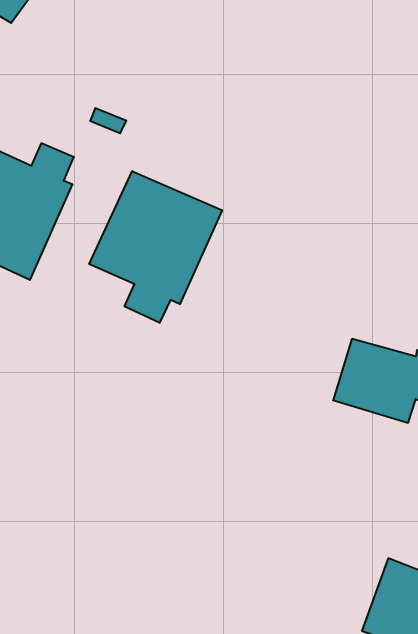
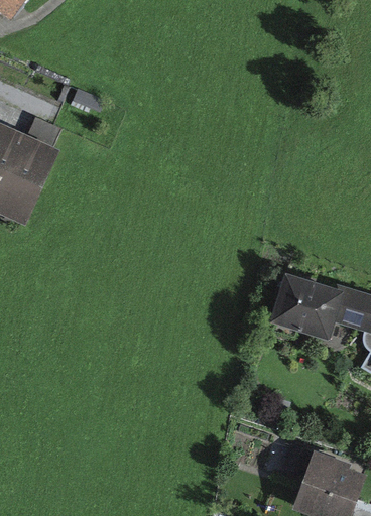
building: [89,171,222,323] -> none

